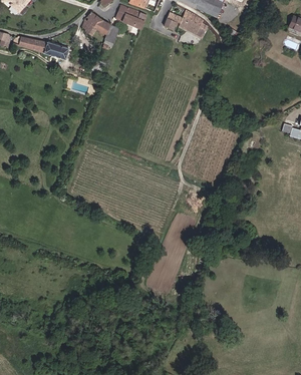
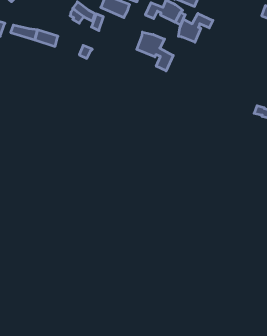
building: none -> [178,13,213,42]
building: none -> [137,32,173,71]

